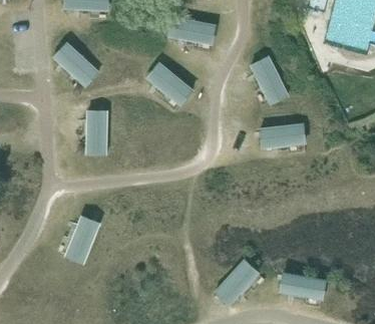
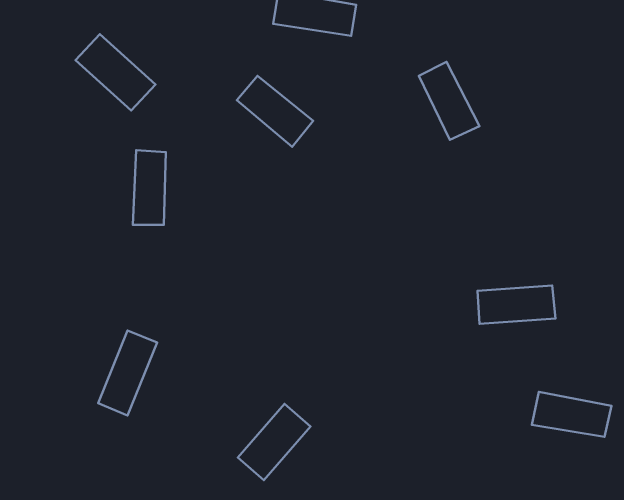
building: [262,123,307,145] -> [478,286,556,324]
building: [216,260,258,304] -> [238,404,311,480]
building: [280,272,326,298] -> [532,392,611,437]

